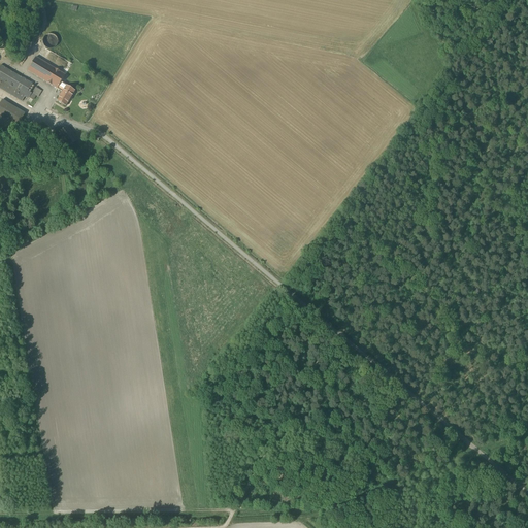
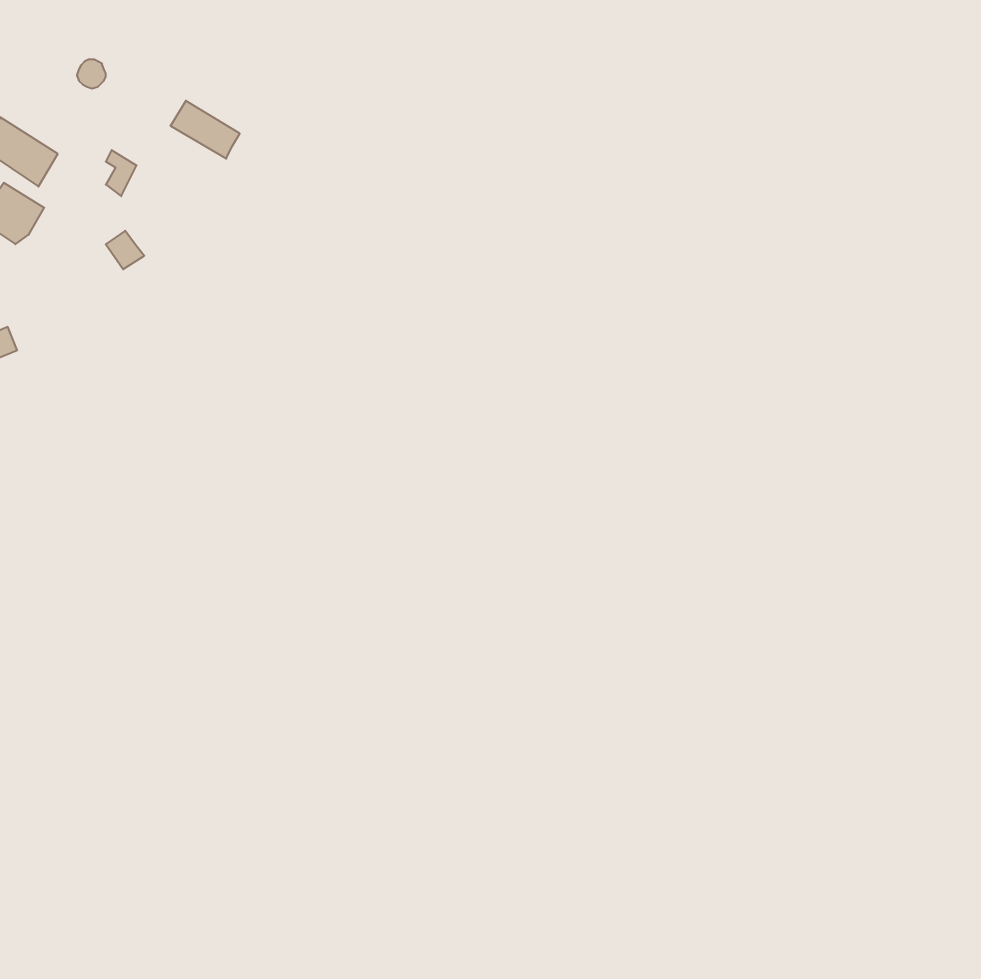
building: [27,56,64,87] -> [170,101,240,159]

